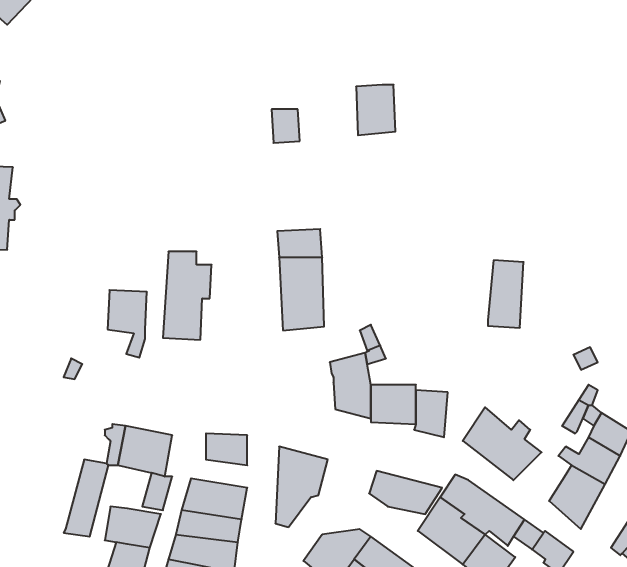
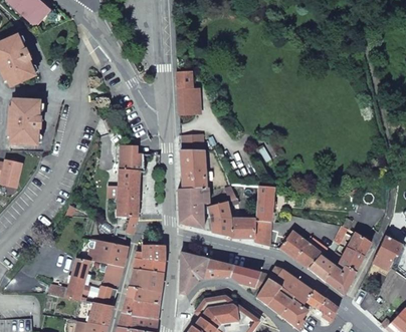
building: [356,85,395,135] -> [179,87,200,114]
building: [488,260,524,328] -> [255,186,274,222]
building: [108,290,147,358] -> [119,193,140,229]
building: none -> [179,187,209,229]
building: none -> [134,251,165,273]
building: none -> [309,255,336,281]
building: none -> [203,258,234,277]

